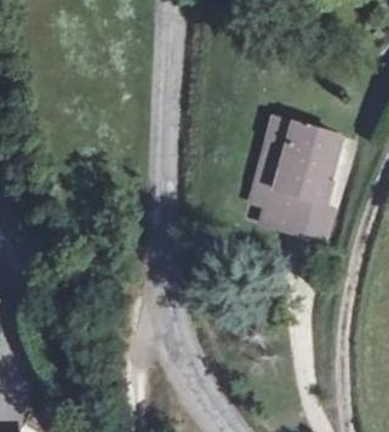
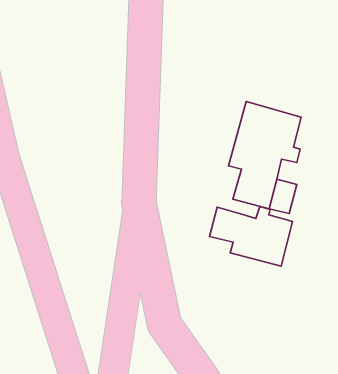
building: none -> [209,206,292,266]

